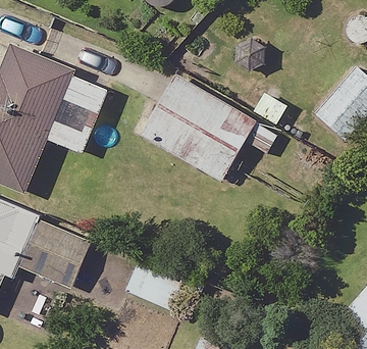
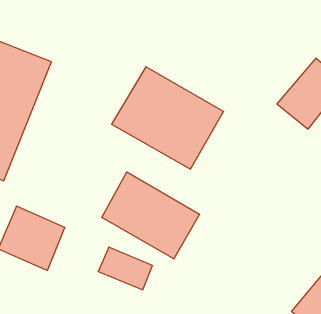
building: none -> [102,172,200,259]

